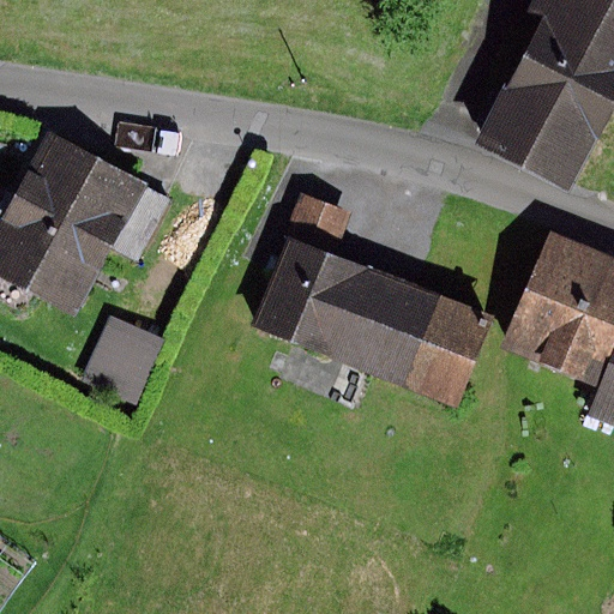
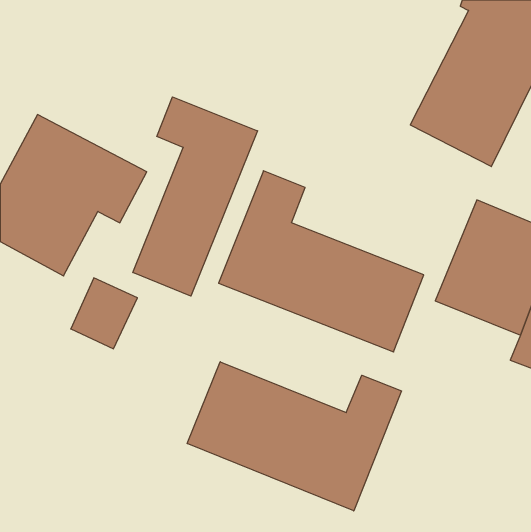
building: none -> [133,97,258,296]
building: none -> [187,362,402,511]

